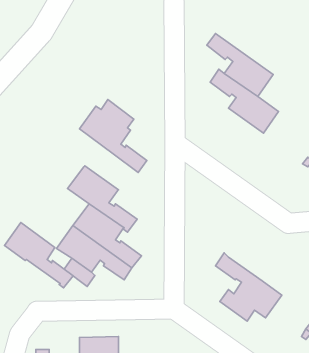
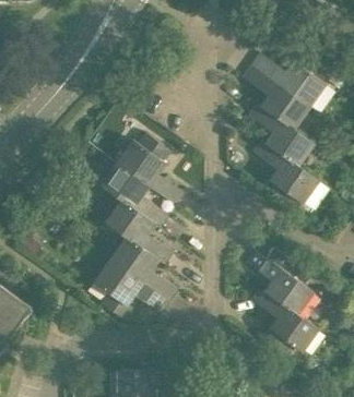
building: none -> [251,53,326,107]
building: none -> [250,137,319,204]
building: none -> [246,250,314,314]
building: [5,223,73,288] -> [98,161,167,227]

